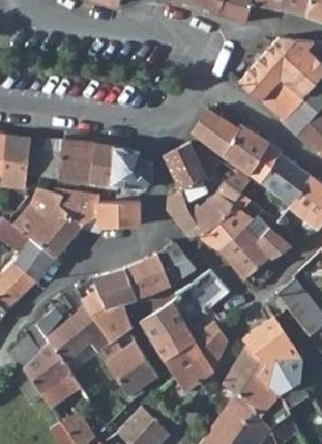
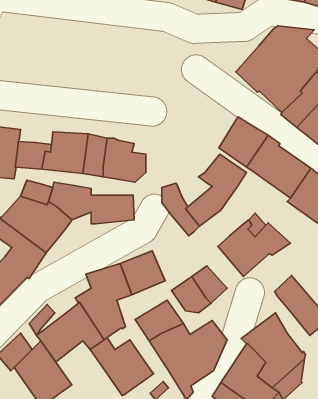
building: [192,109,238,155] -> none
building: [164,142,223,190] -> none
building: [198,194,250,250] -> none
building: [157,242,199,284] -> none

